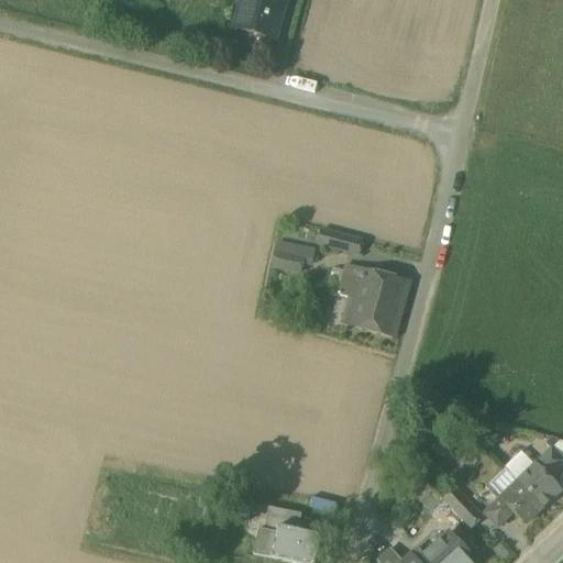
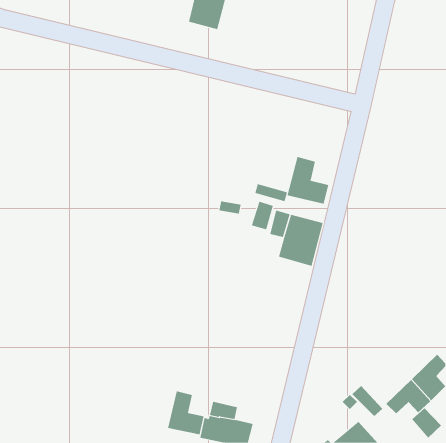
building: none -> [287,156,329,205]
building: none -> [251,201,274,230]
building: none -> [167,390,204,435]
building: none -> [411,407,442,438]

